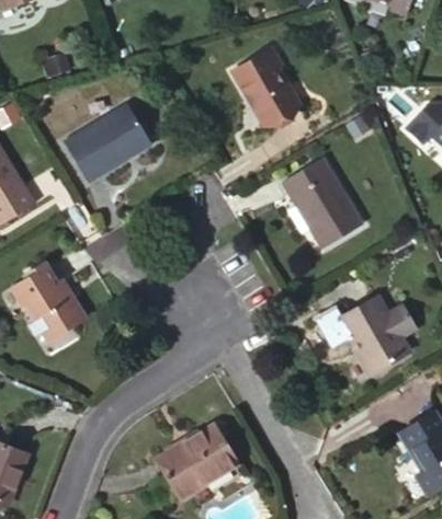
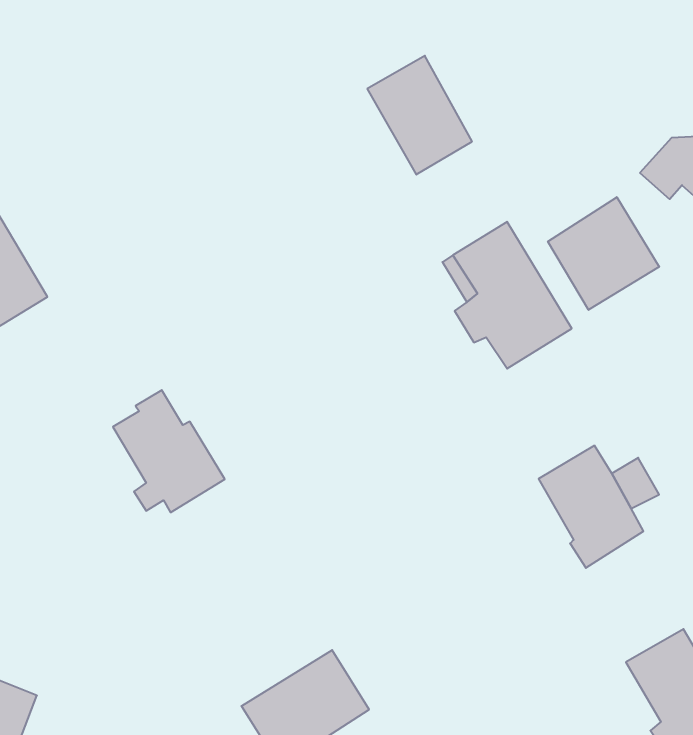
building: [65,103,150,181] -> none
building: none -> [548,197,659,310]
building: [14,263,84,339] -> [113,390,225,512]

